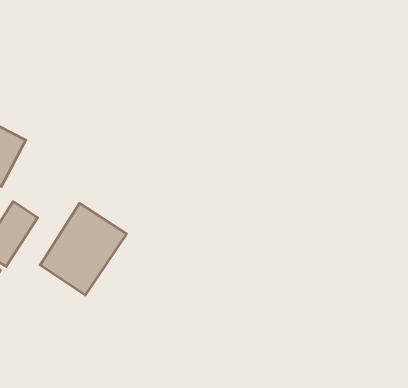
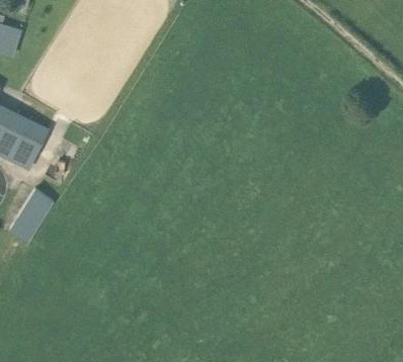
building: [40,203,126,295] -> none

